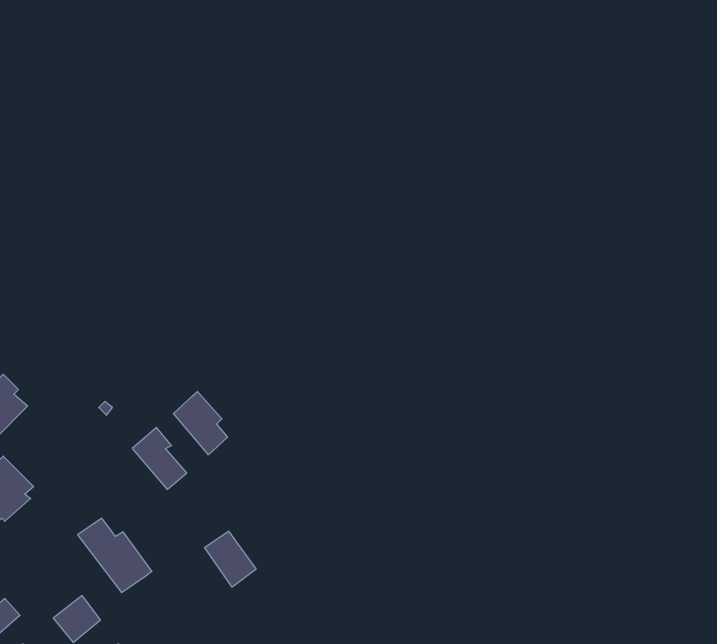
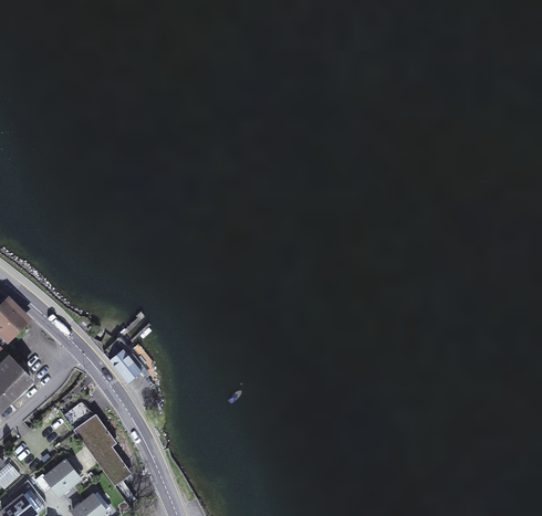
building: [173,391,228,455] -> none
building: [205,531,256,587] -> [95,445,133,486]

